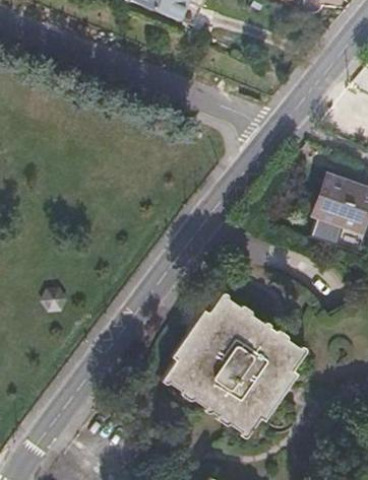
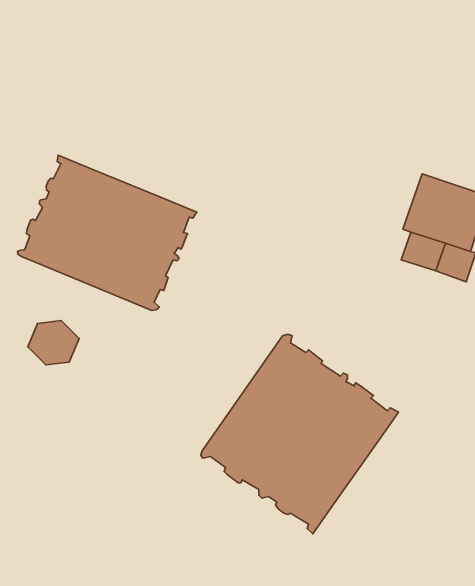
building: none -> [17,155,197,310]

